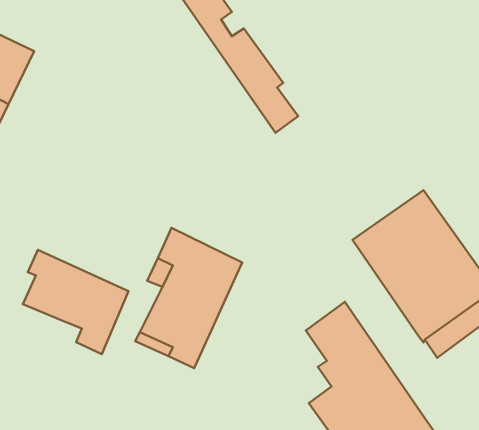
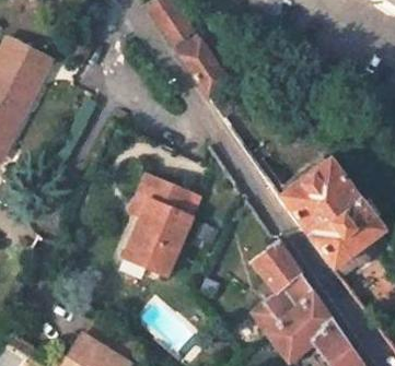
building: [23,250,129,354] -> none

